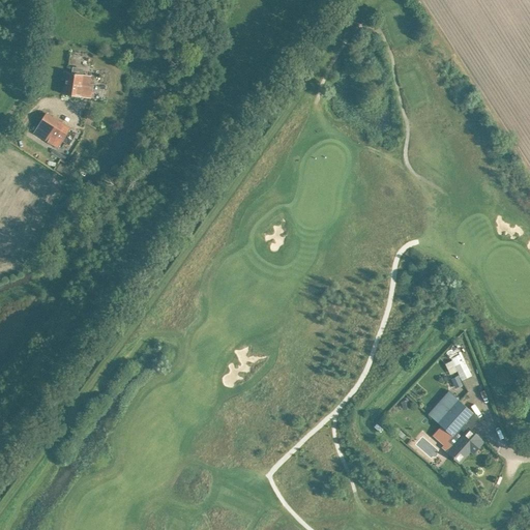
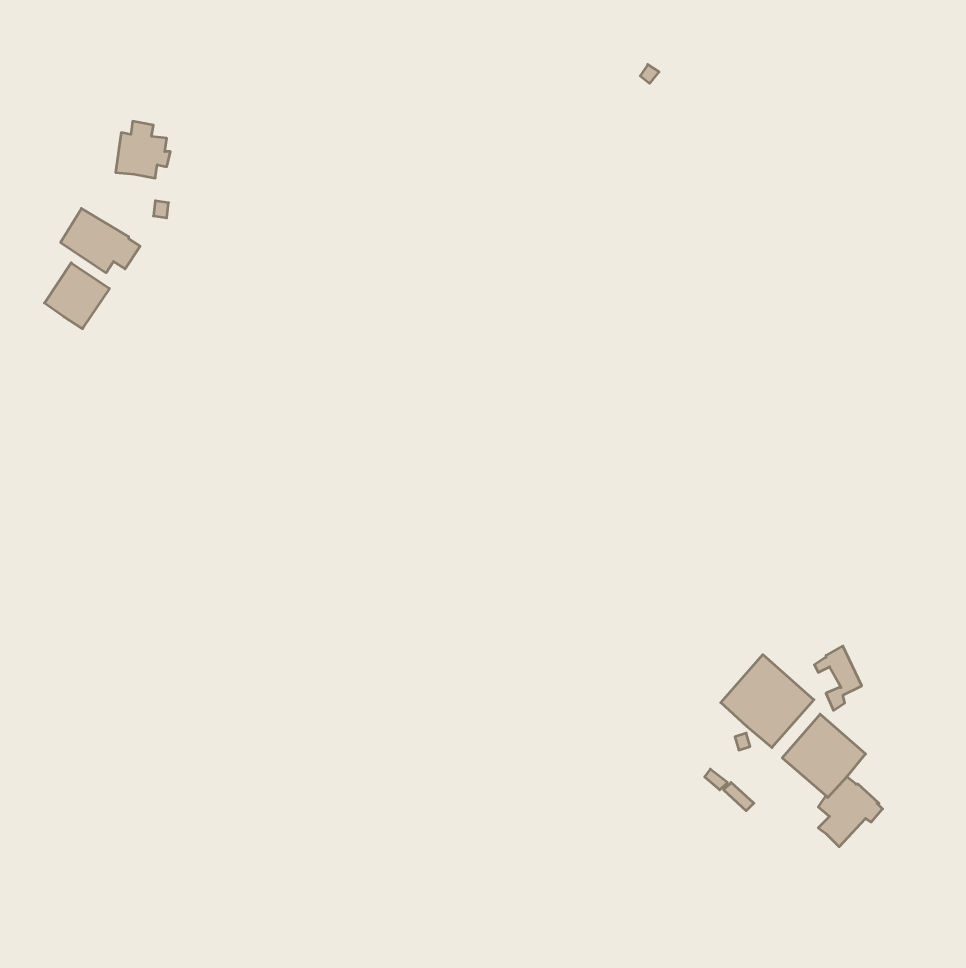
building: none -> [44,263,109,329]
building: none -> [721,655,814,748]

